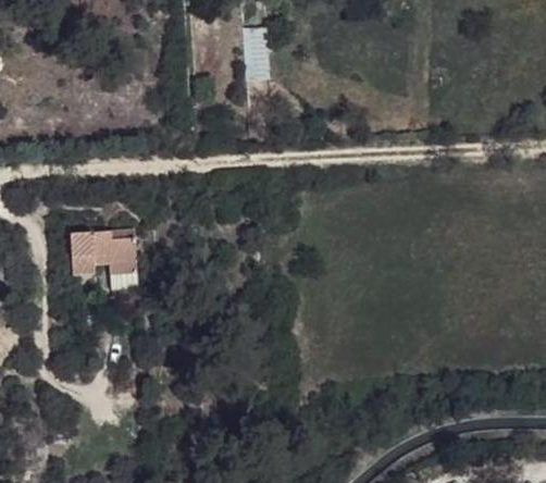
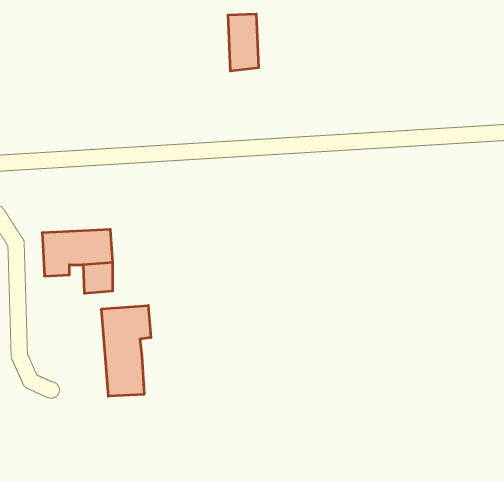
building: none -> [102,305,151,396]

